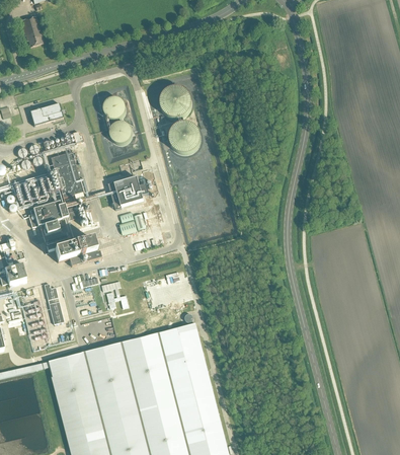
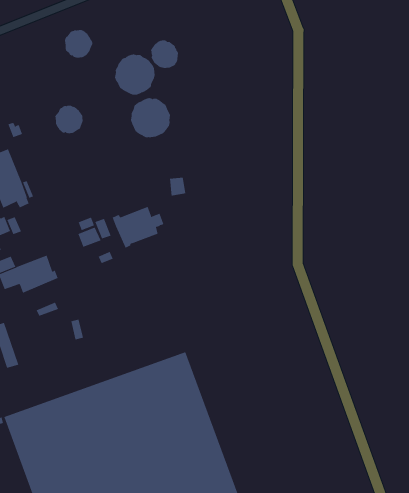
building: none -> [151,39,179,69]
building: [103,96,126,119] -> [64,29,93,58]
building: [107,176,148,208] -> [112,206,164,249]

